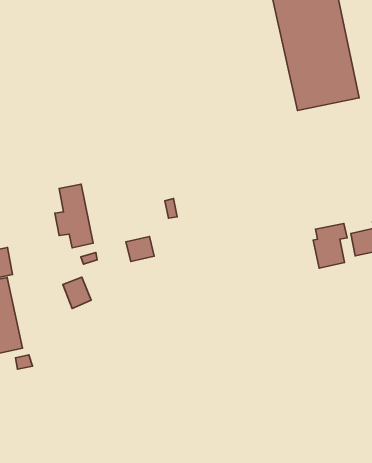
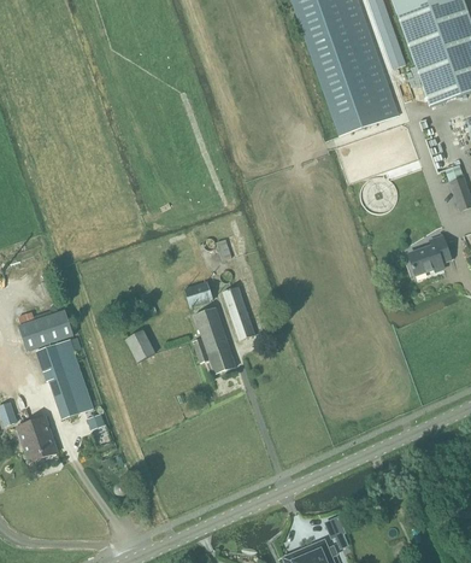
building: [55,184,93,248] -> [193,307,235,373]
building: [313,223,347,268] -> none
building: none -> [222,285,254,339]

